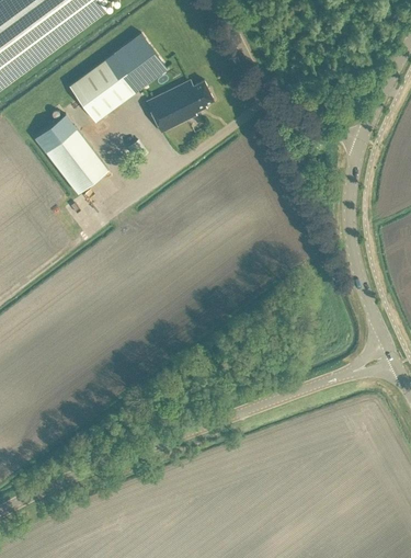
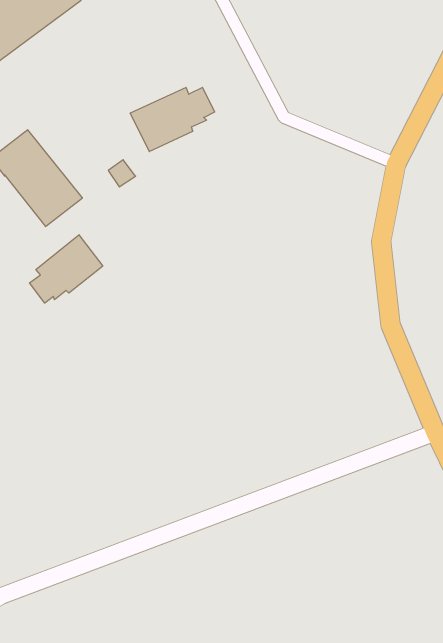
building: [67,34,164,122] -> none
building: none -> [29,235,103,303]

